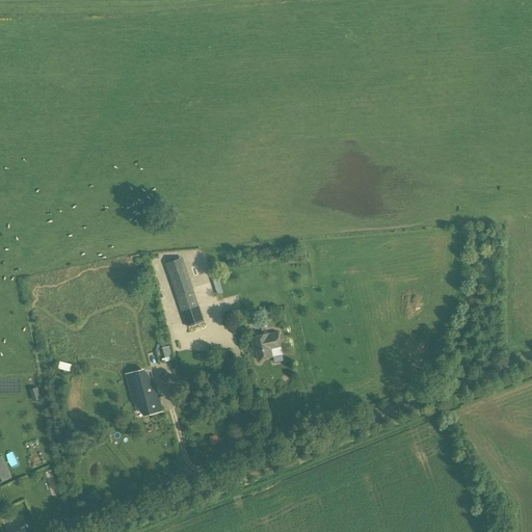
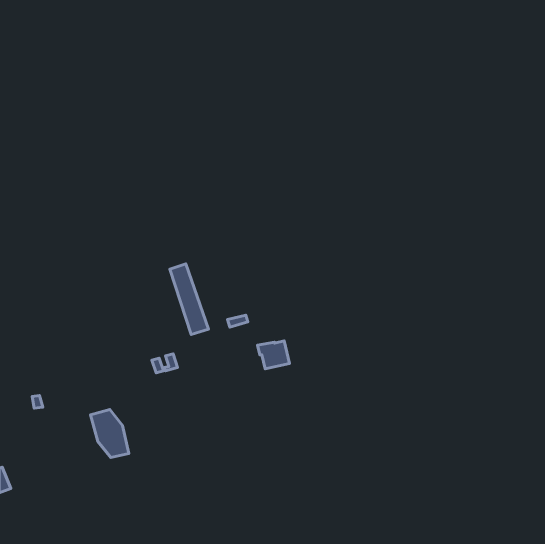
building: [124,367,161,414] -> [90,410,129,458]

